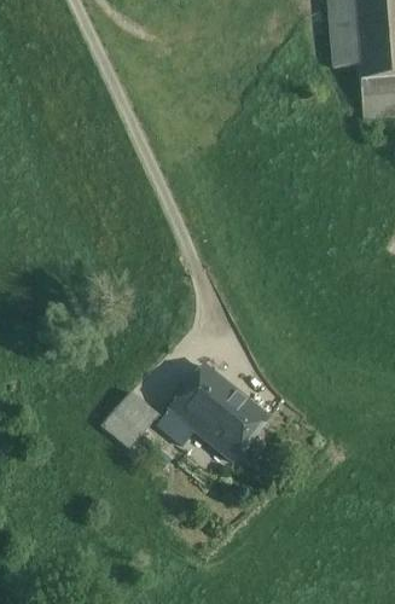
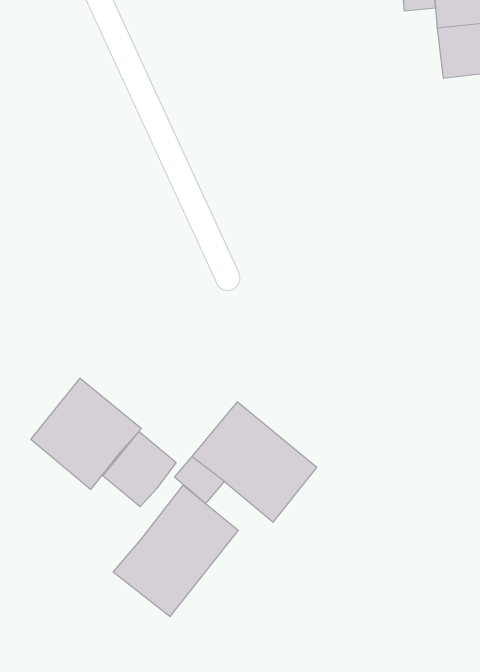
building: none -> [31,378,141,489]
building: none -> [113,485,238,617]

